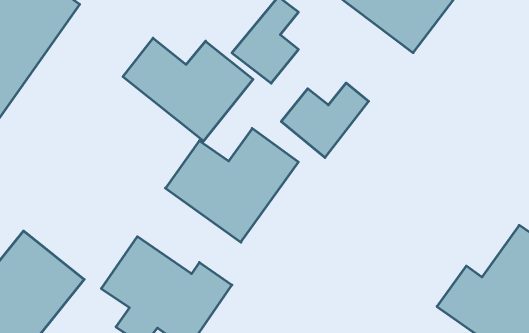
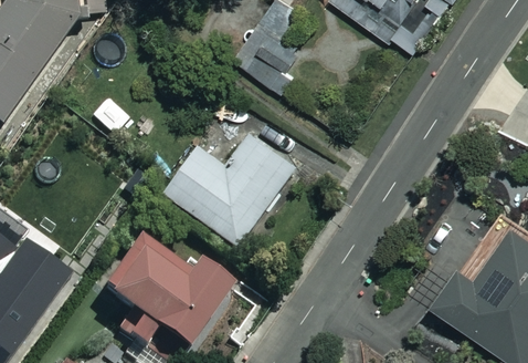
building: [123,38,253,141] -> none
building: [281,83,369,158] -> none

